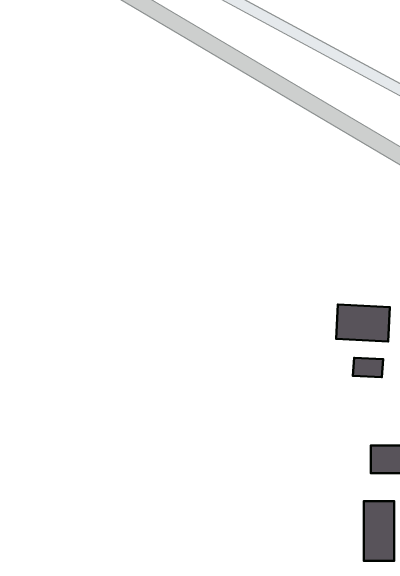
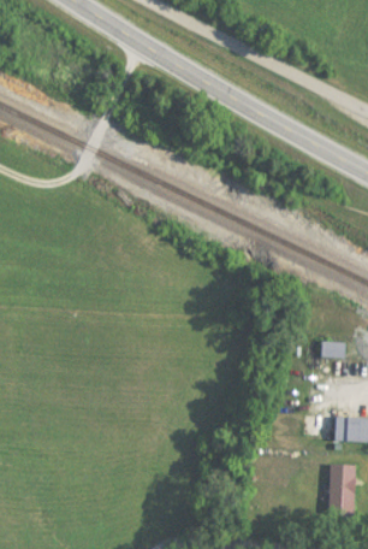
building: [336,305,390,341] -> none

